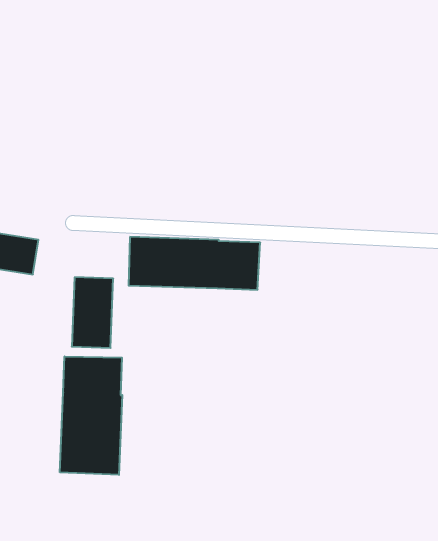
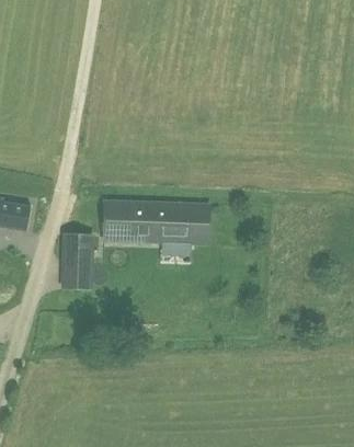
building: [60,356,122,475] -> none

